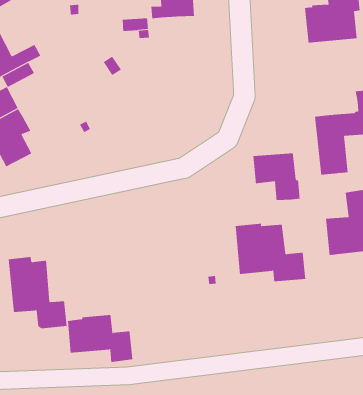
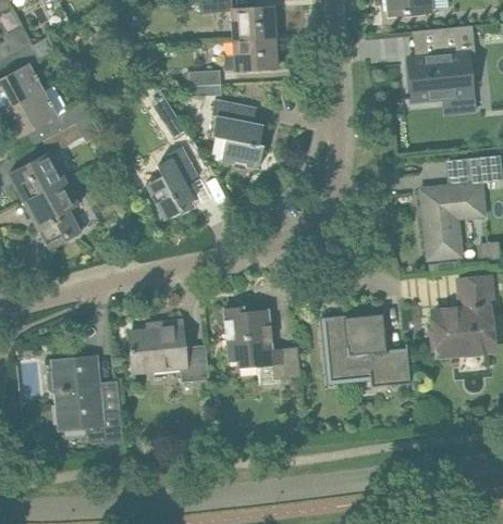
building: none -> [212,98,263,169]
building: none -> [148,145,198,220]
building: [253,152,300,201] -> none
building: none -> [224,305,302,379]
building: [67,314,133,362] -> [130,325,209,383]

